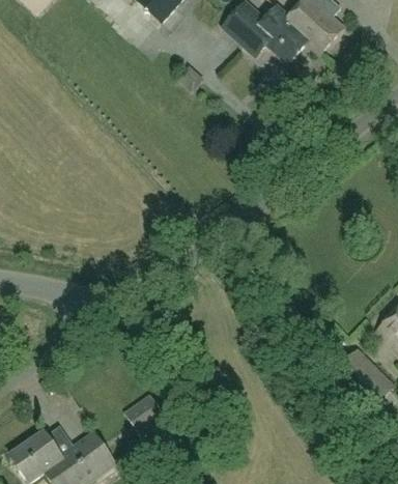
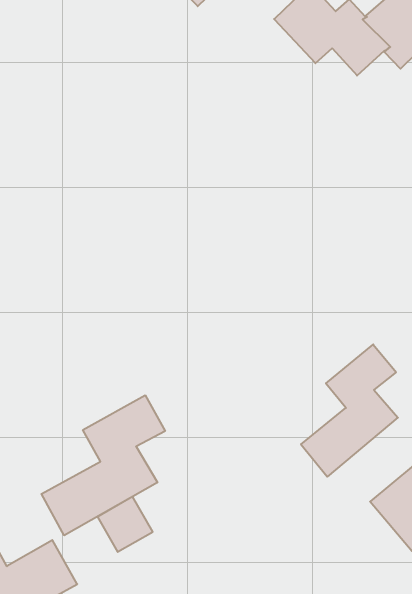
building: none -> [301,344,398,477]
building: none -> [41,395,165,535]

